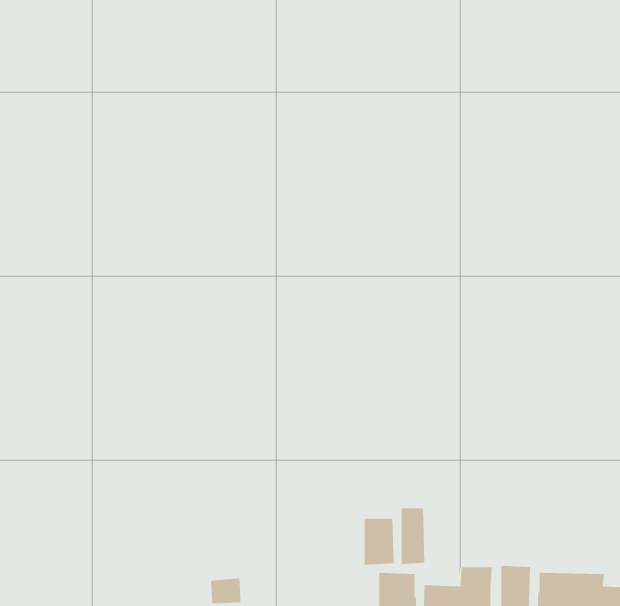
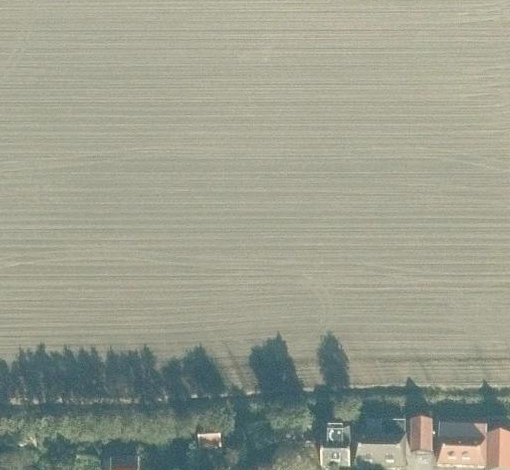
building: [401,507,425,565] -> none
building: [364,518,394,565] -> none

